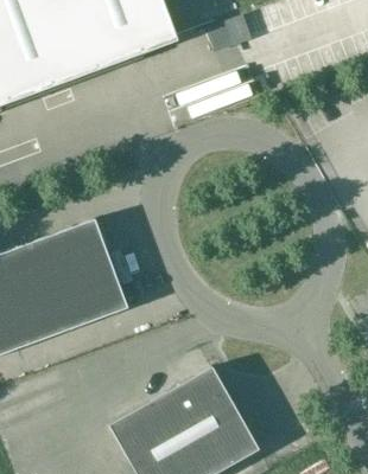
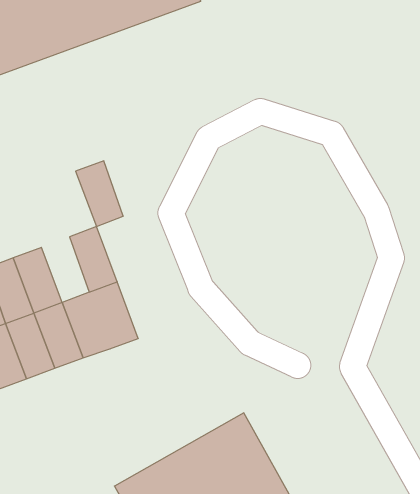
building: [51,228,89,280] -> [76,161,123,227]

